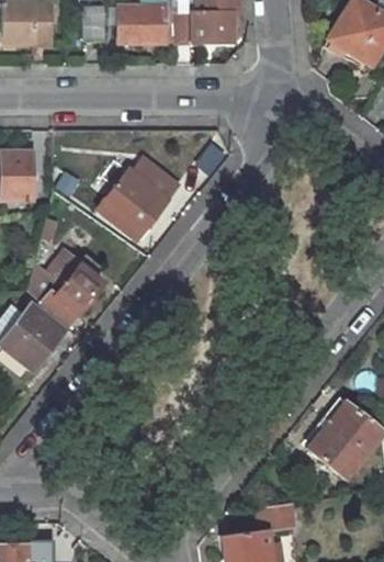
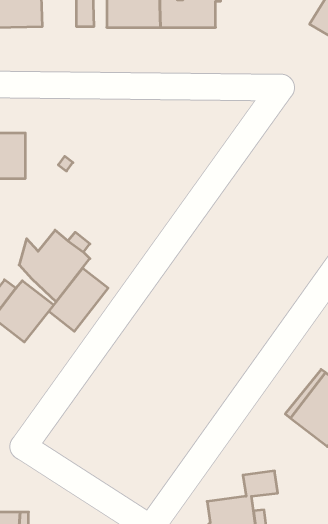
building: [99,159,179,239] -> none
building: none -> [49,268,108,331]

